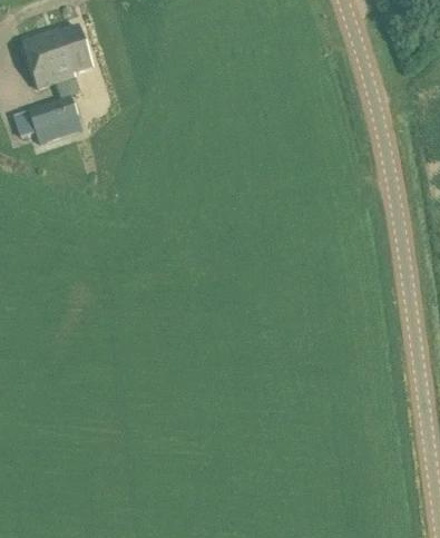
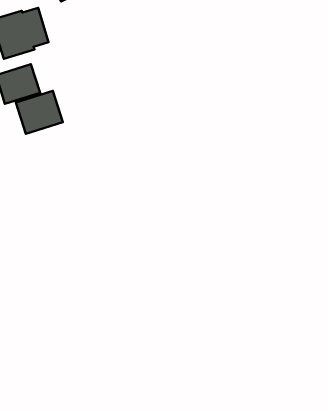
building: none -> [16,91,63,134]

